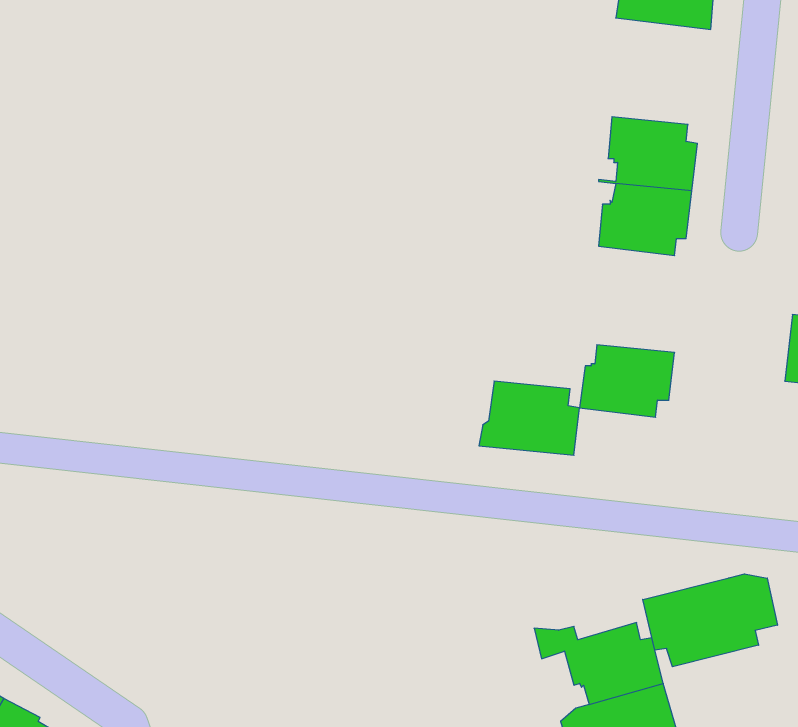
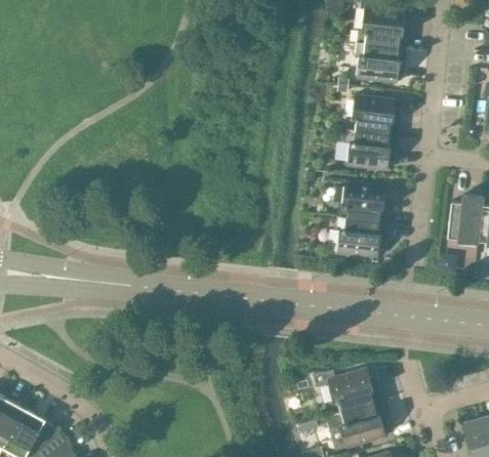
building: none -> [354,42,406,83]
building: [479,381,580,455] -> [335,182,390,222]
building: [643,574,777,667] -> none

